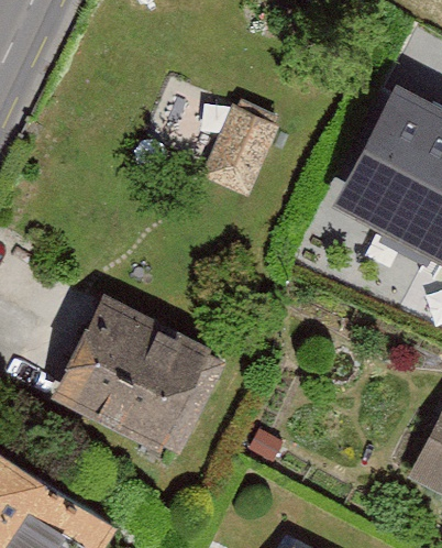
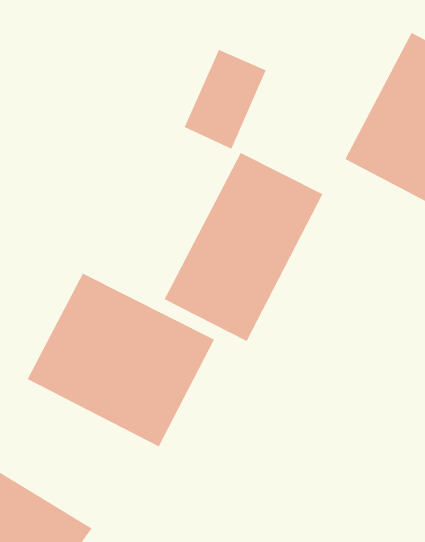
building: none -> [164,152,323,342]

